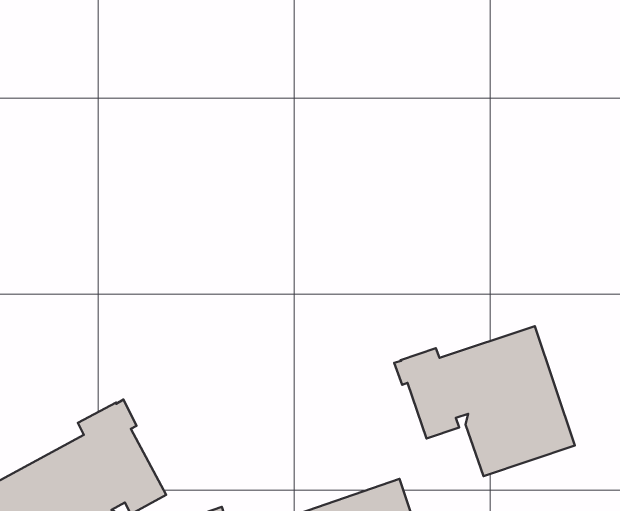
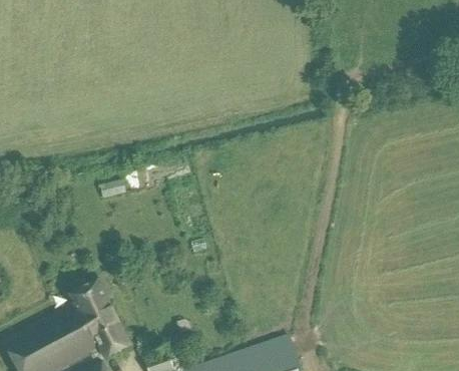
building: [394,326,575,476] -> none

